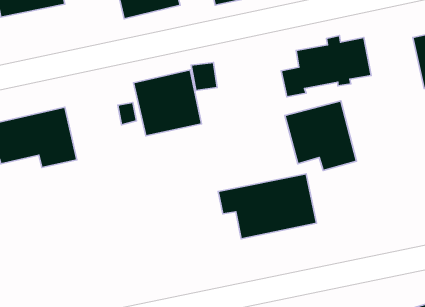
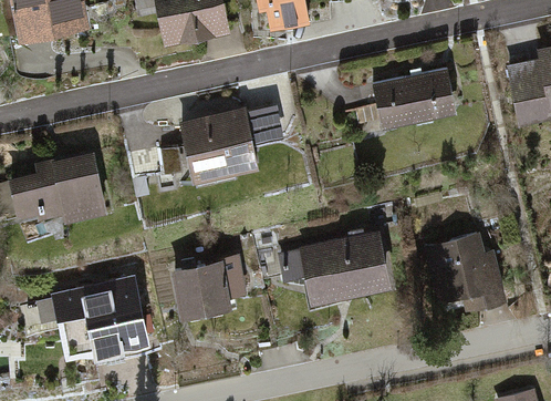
building: [285,101,356,170] -> [424,229,509,312]
building: none -> [171,256,252,320]
building: none -> [32,278,149,354]

